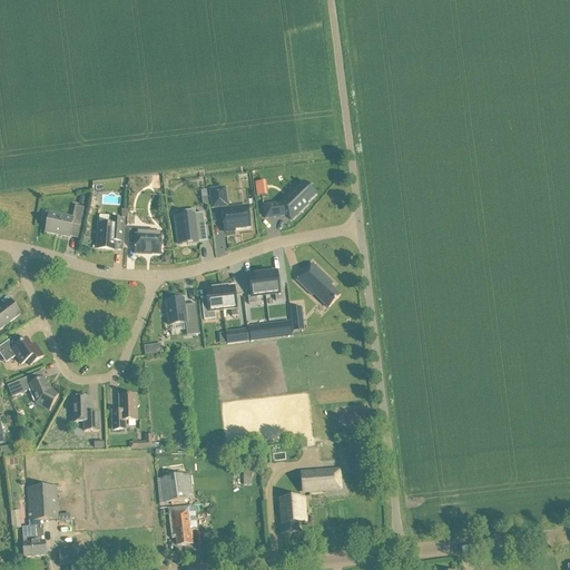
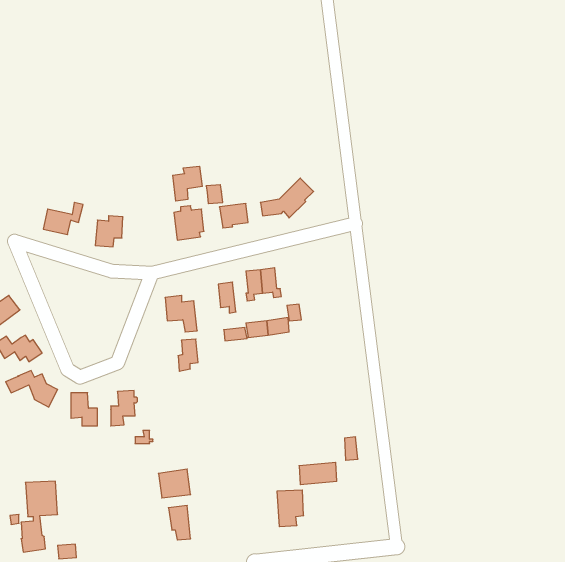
building: none -> [173,166,202,201]
building: [127,227,160,253] -> none
building: [295,262,340,306] -> none
building: [202,286,222,318] -> [178,339,198,371]

